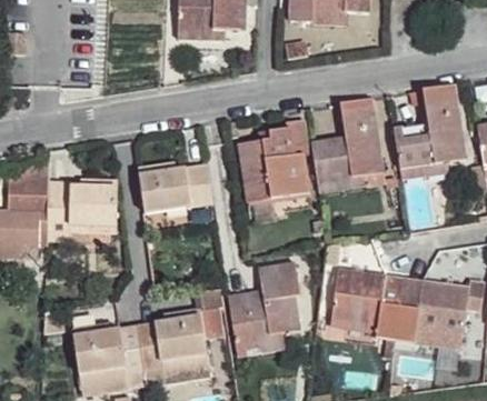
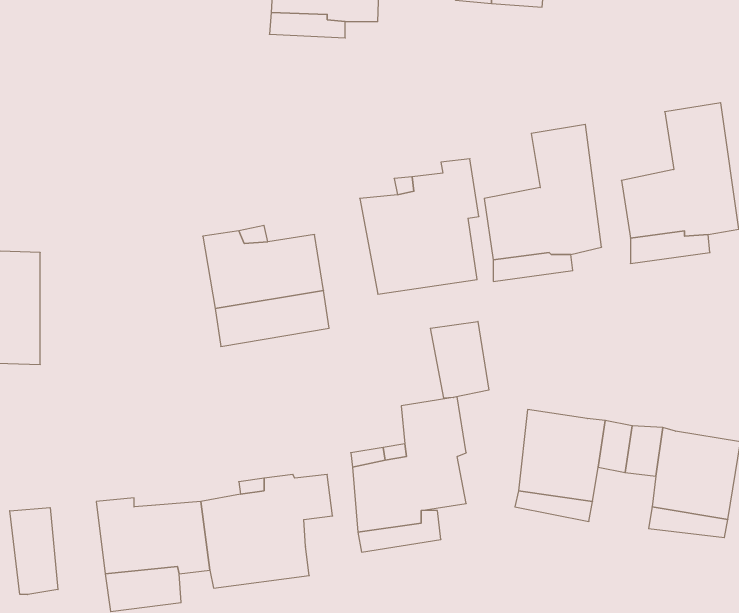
building: [46,176,113,228] -> none
building: none -> [430,321,489,398]
building: none -> [10,508,58,595]

